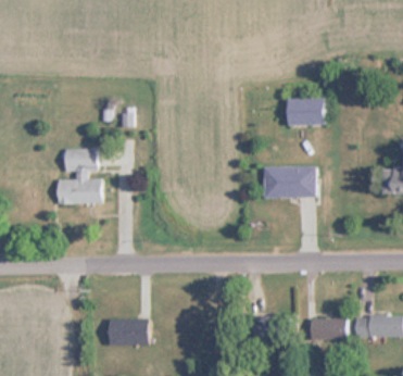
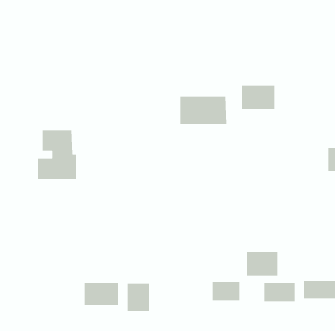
building: [262,166,315,198] -> [179,96,227,124]
building: none -> [246,251,278,277]
building: none -> [127,283,149,312]

